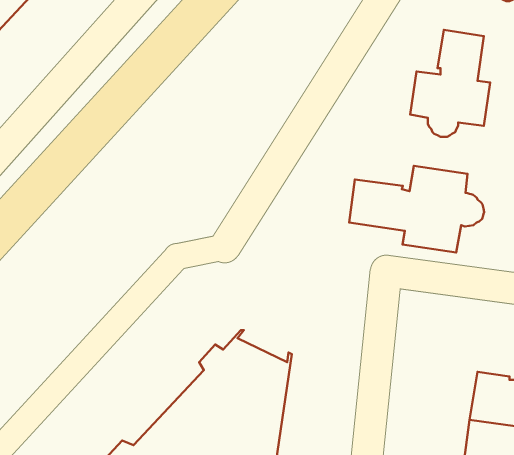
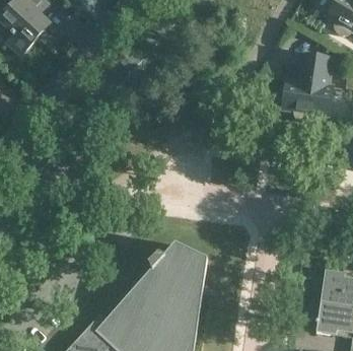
building: [349,166,484,252] -> none

